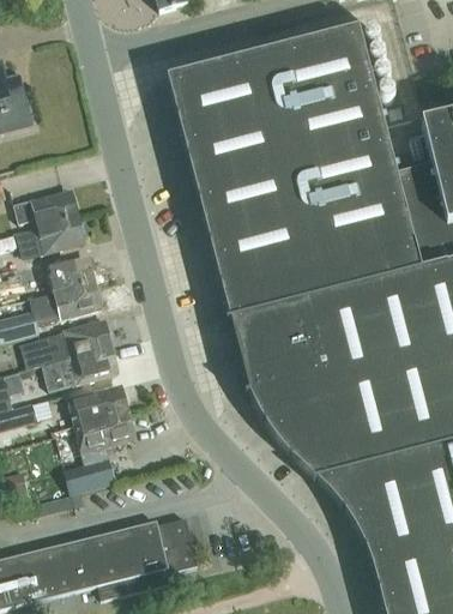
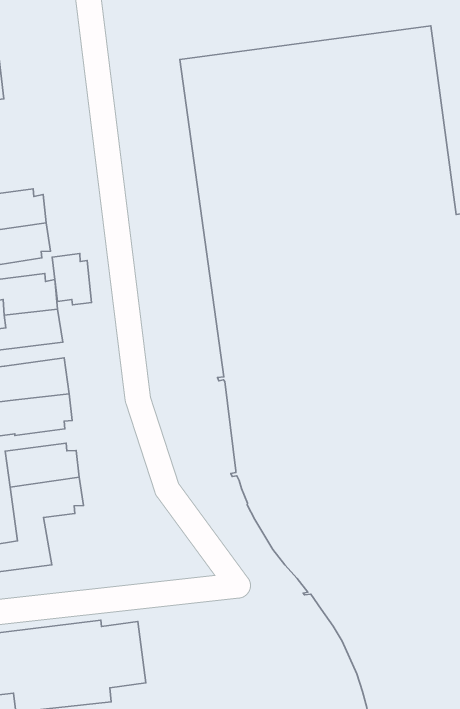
building: none -> [52,254,91,305]

